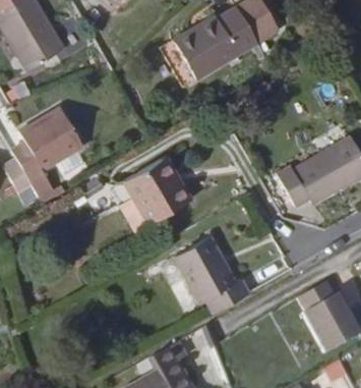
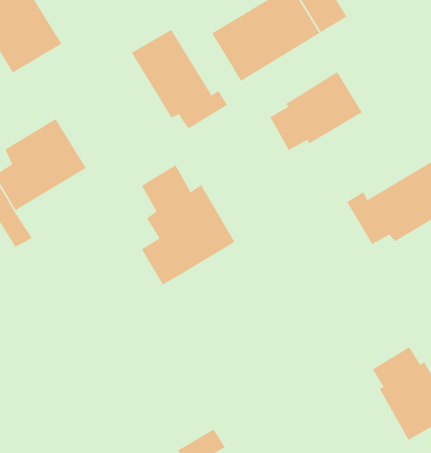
building: none -> [131,29,228,129]
building: none -> [269,71,363,151]
building: [171,228,245,303] -> none

